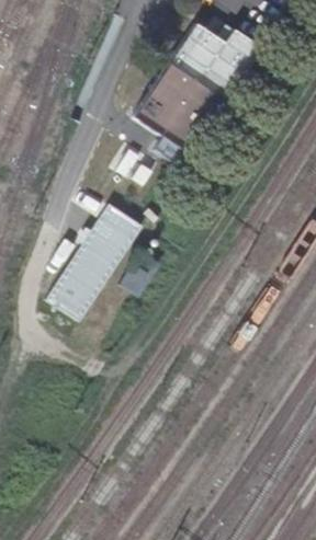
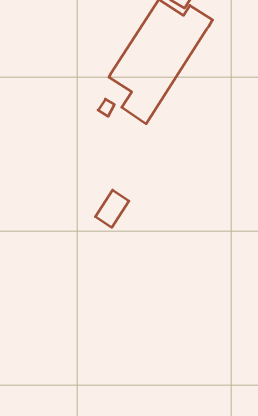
building: [47,198,144,318] -> none

